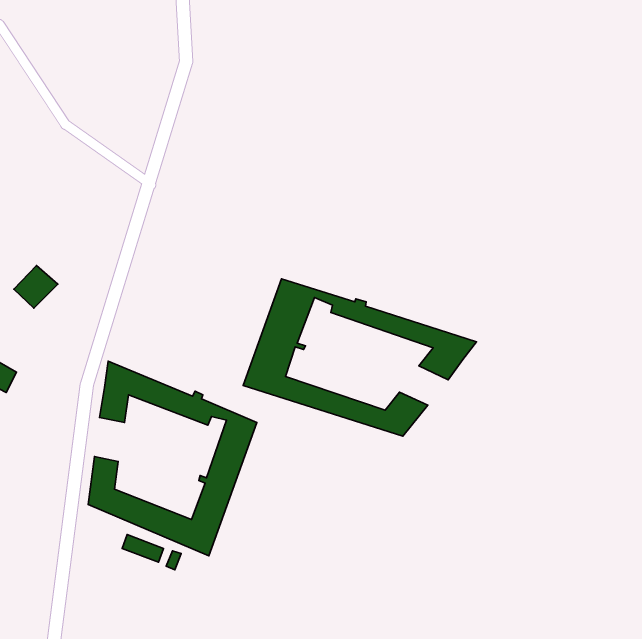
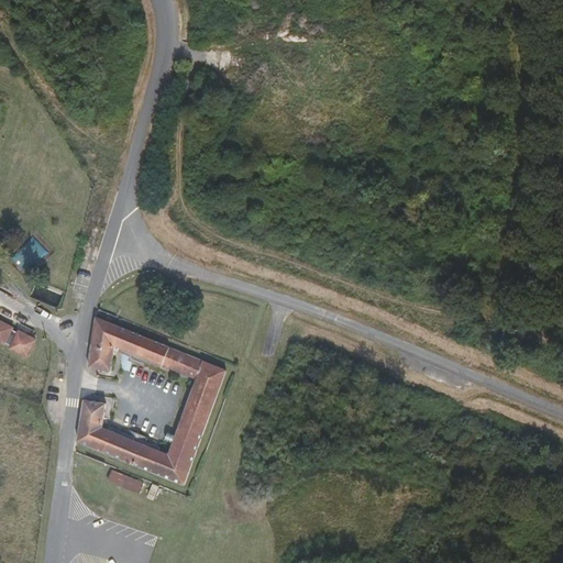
building: [243,279,476,436] -> none
building: none -> [8,328,37,356]

